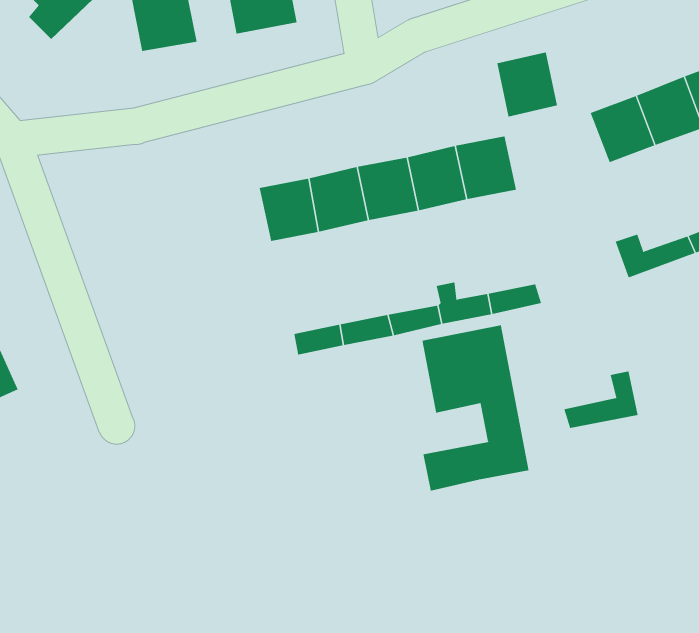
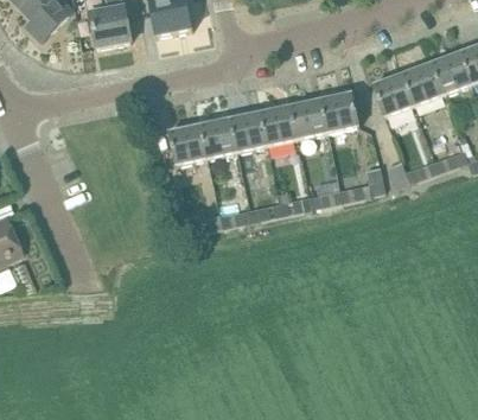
building: [496,52,558,117] -> [320,93,358,133]
building: [422,325,529,492] -> none
building: [564,371,639,428] -> [339,167,385,203]

